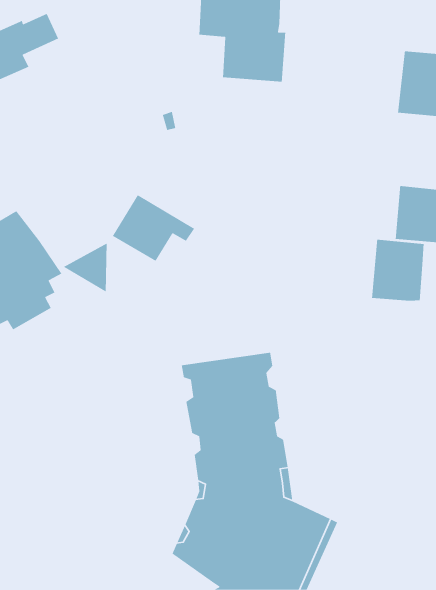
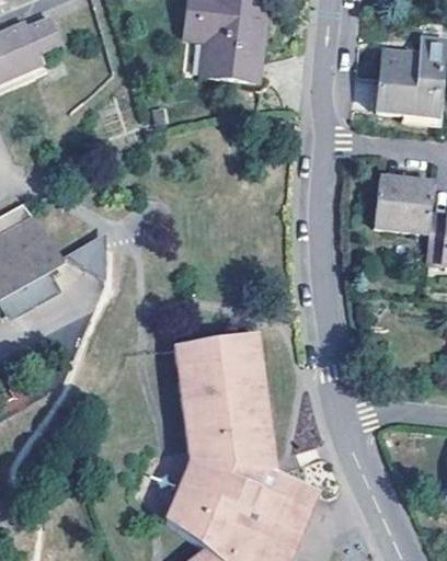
building: [112,194,195,262] -> none
building: [371,239,424,301] -> none

